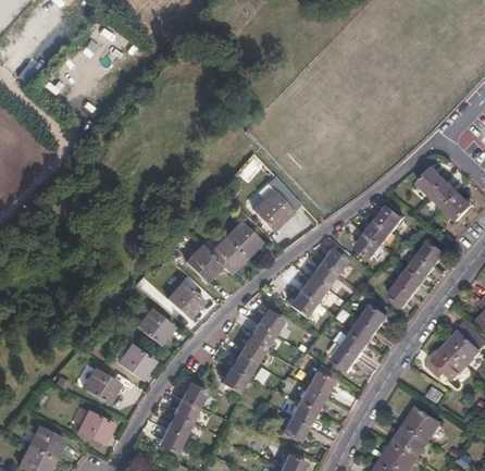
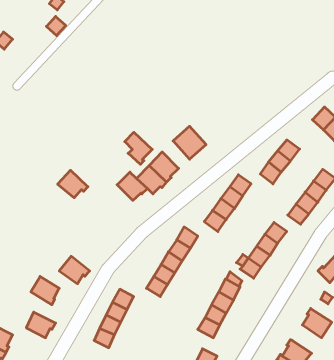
building: none -> [125,132,152,164]
building: [167,282,203,314] -> [58,170,88,198]
building: [137,309,172,344] -> none
building: [394,425,428,460] -> none

